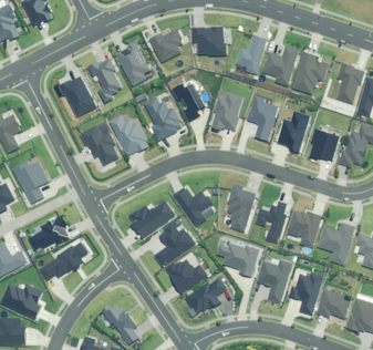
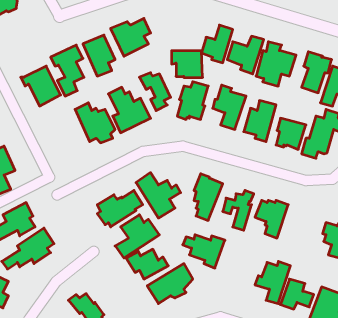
building: [193,27,224,53] -> [172,51,203,77]
building: [80,125,118,166] -> none
building: [318,224,355,264] -> none
building: [257,259,292,302] -> none

